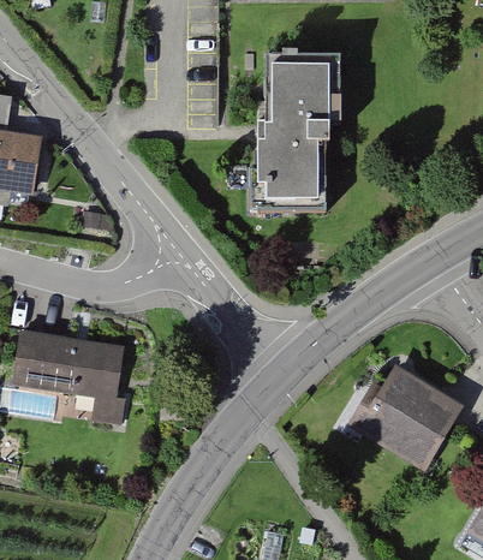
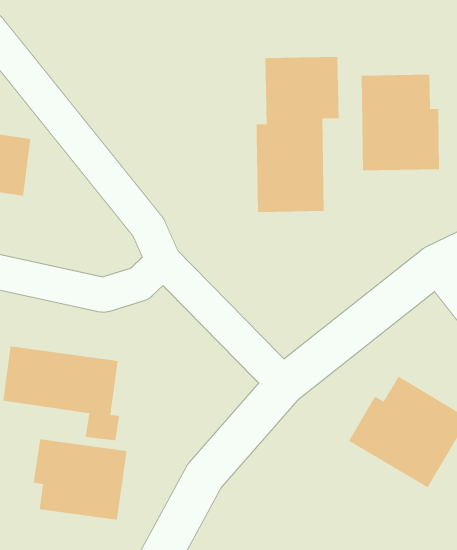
building: none -> [361,74,439,171]
building: none -> [33,438,127,520]

